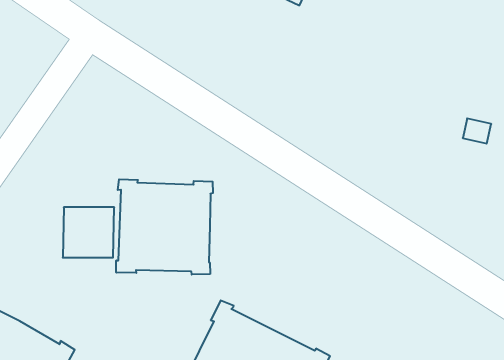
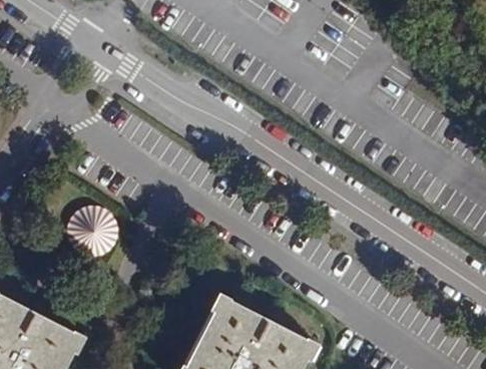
building: [116,179,213,275] -> none

